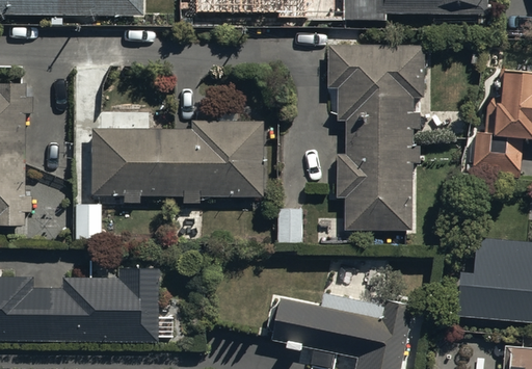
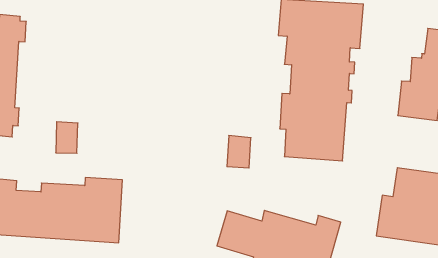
building: [91,121,260,203] -> none

